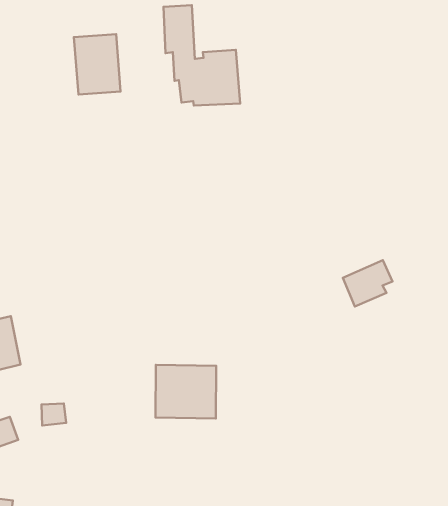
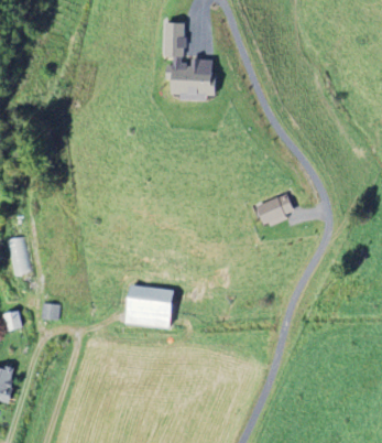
building: [74,34,121,94] -> none
building: [343,260,393,307] -> [257,195,293,227]

